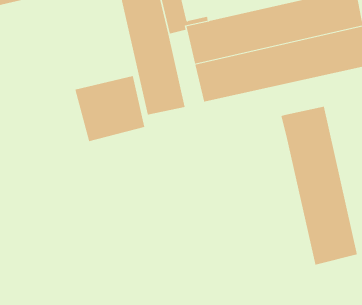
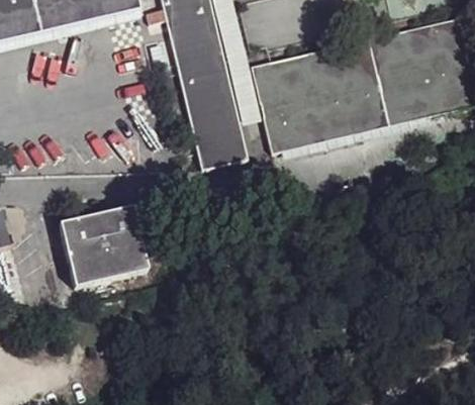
building: [75,75,145,142] -> [62,209,149,291]
building: [281,106,358,266] -> none

